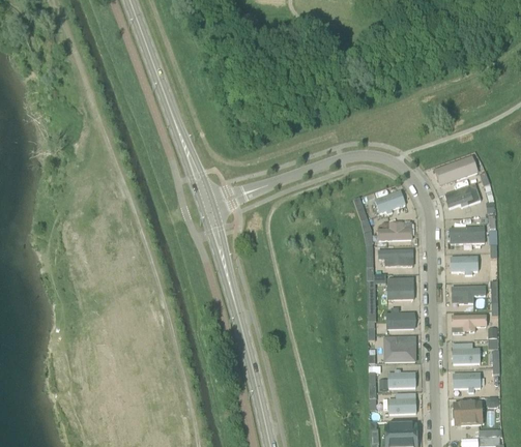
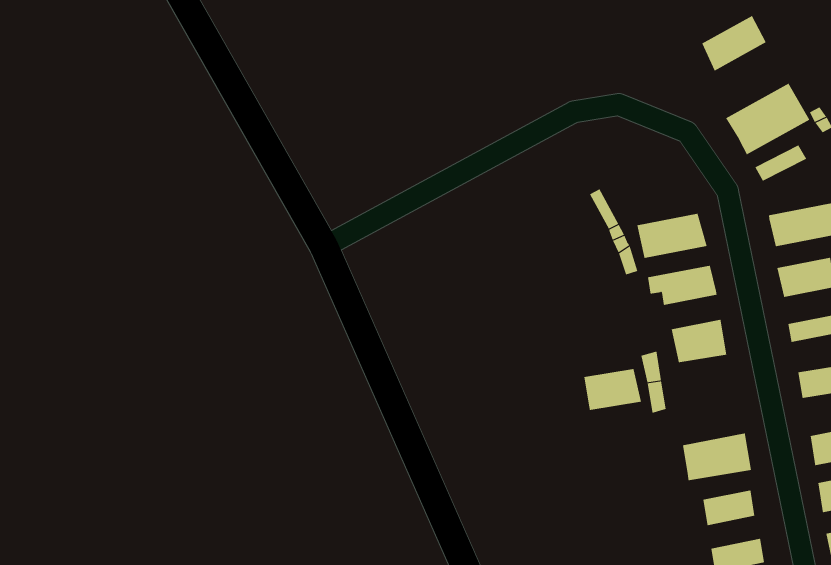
building: none -> [702,15,767,72]
building: [373,190,406,214] -> none
building: [385,310,414,329] -> [584,368,642,411]

